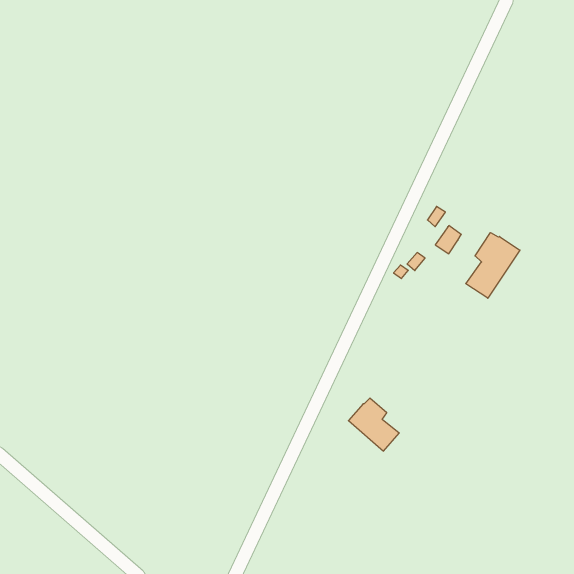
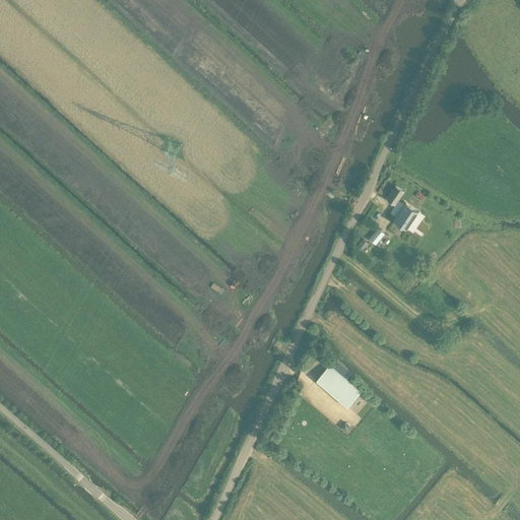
building: [466,233,520,298] -> none

